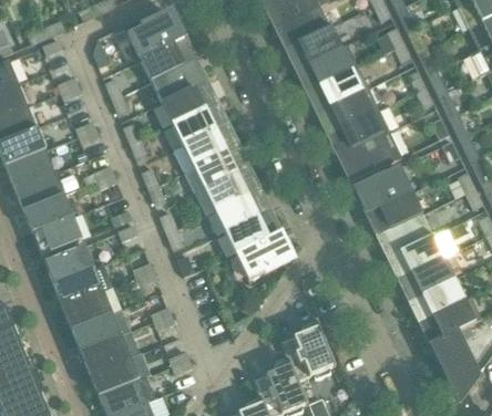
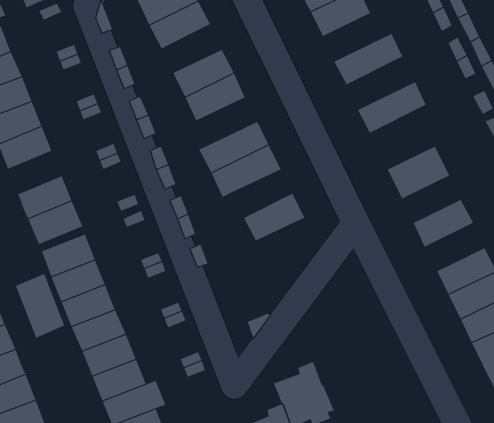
building: [296,43,358,91] -> none
building: [152,58,206,101] -> none
building: [317,86,379,134] -> none
building: [175,123,238,169] -> none
building: [338,129,402,181] -> none
building: [14,170,63,209] -> none
building: [215,187,269,230] -> none
building: [367,193,420,235] -> none
building: [236,230,293,278] -> none
building: [387,235,441,278] -> none
building: none -> [15,273,65,338]
building: [279,319,335,379] -> none

